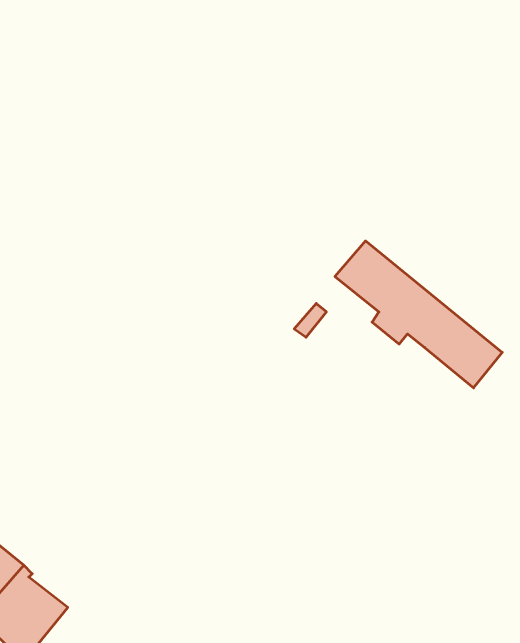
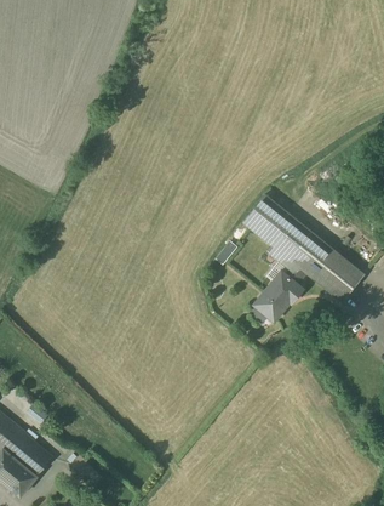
building: none -> [250,261,308,320]

